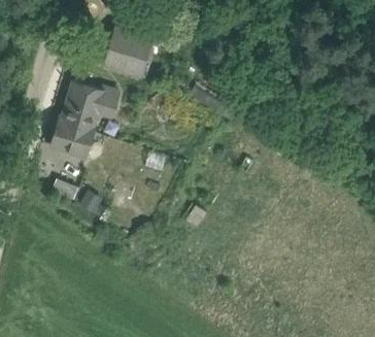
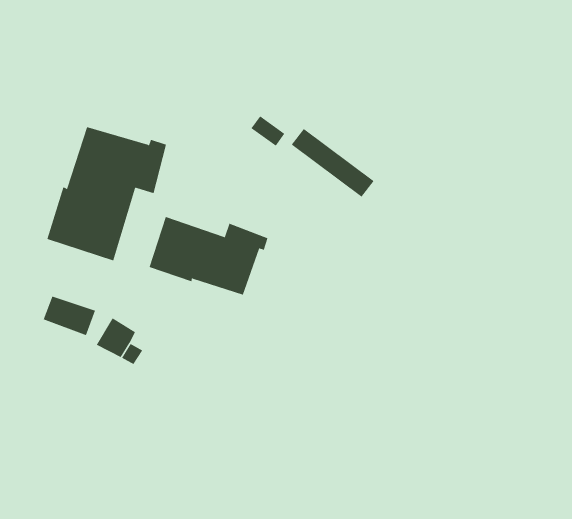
building: [103,26,149,76] -> none
building: none -> [149,216,268,296]

